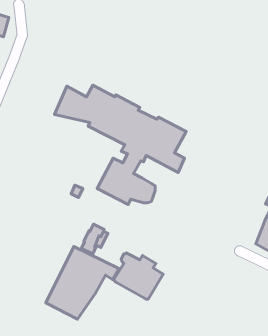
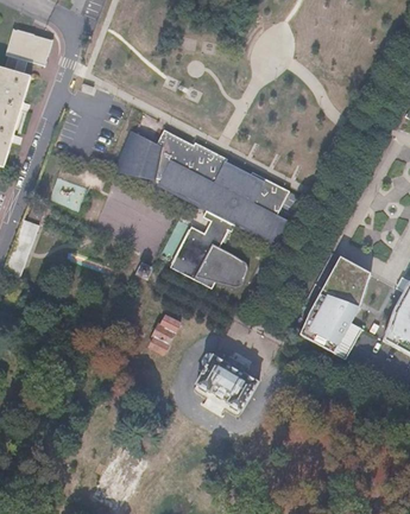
building: none -> [299,255,370,357]
building: [46,247,119,319] -> none

